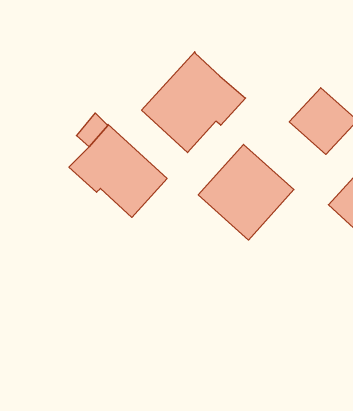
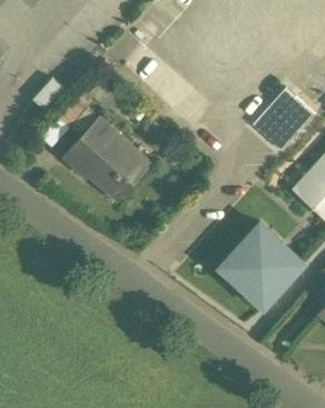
building: [142,52,246,153] -> none
building: [198,144,294,240] -> [219,223,304,308]

